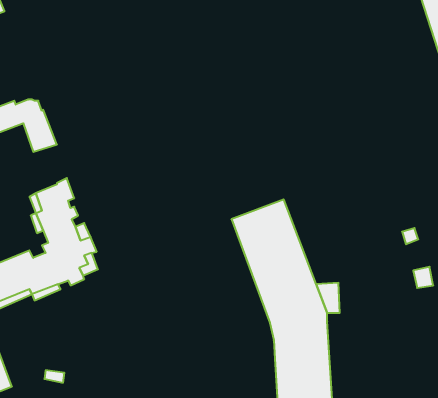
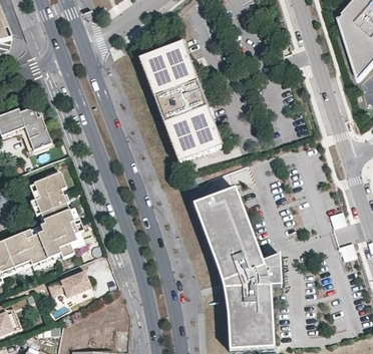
building: none -> [138,41,222,162]
building: none -> [48,270,91,296]

